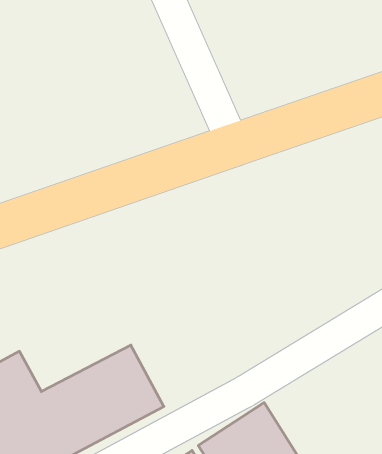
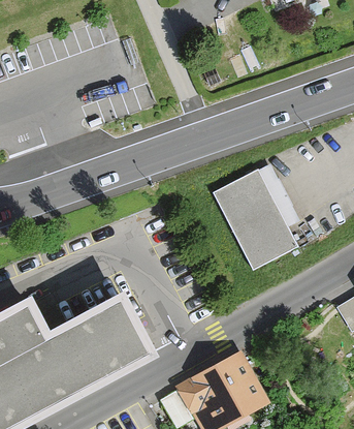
building: none -> [213,166,300,270]

